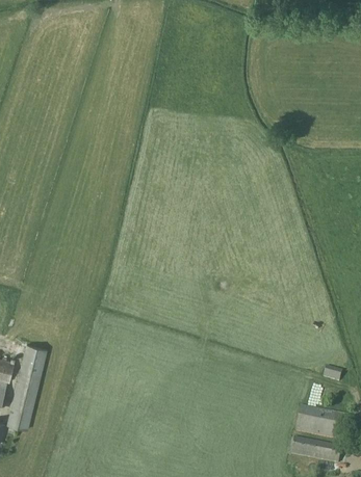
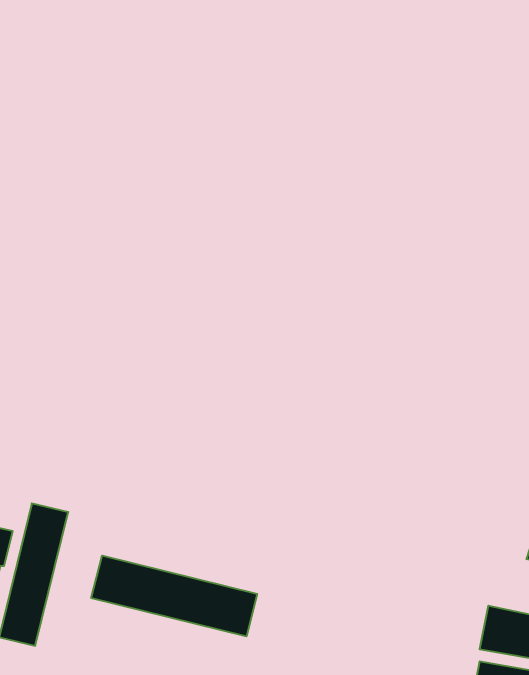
building: none -> [91,556,257,636]

